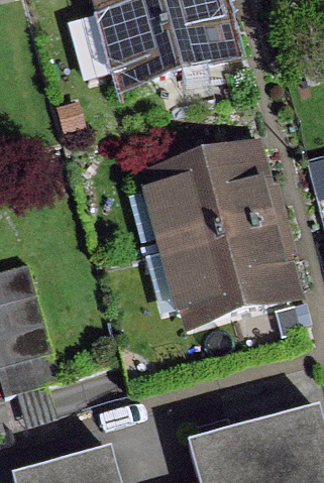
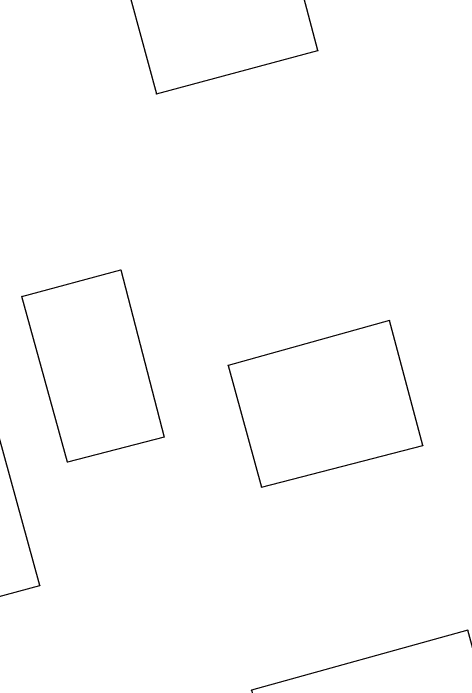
building: [152,146,271,248] -> none
building: none -> [22,270,164,462]

